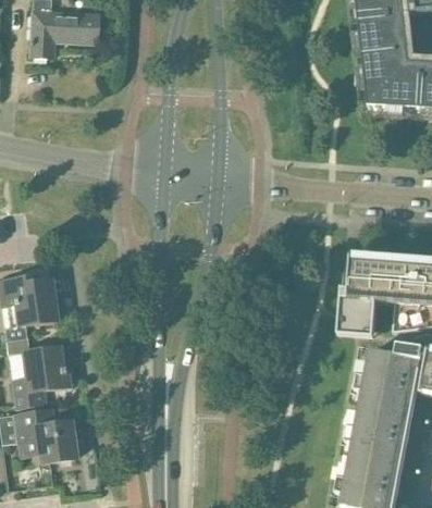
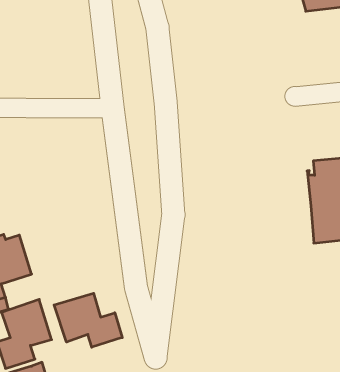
building: none -> [54,293,122,347]

